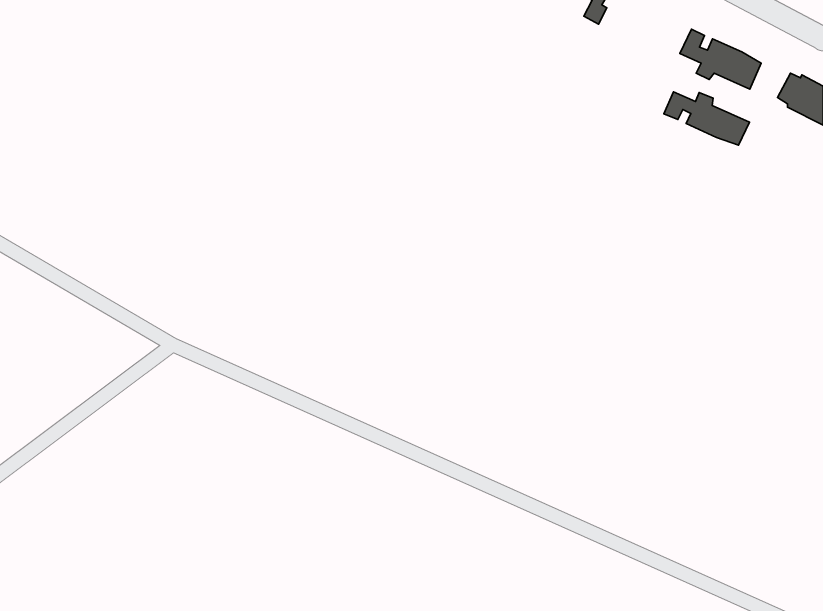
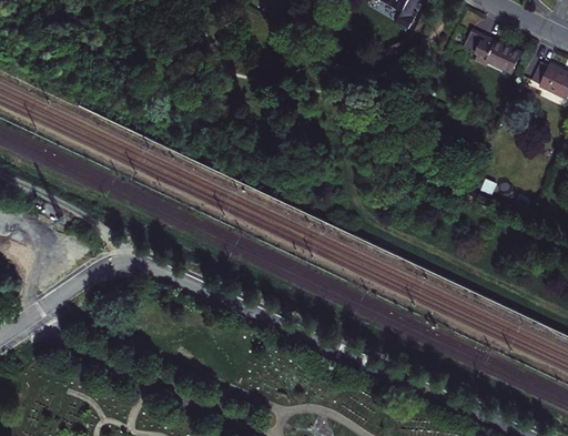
building: [664,92,749,145] -> none

